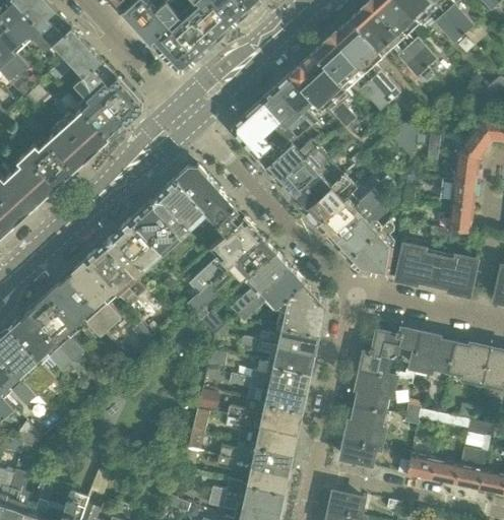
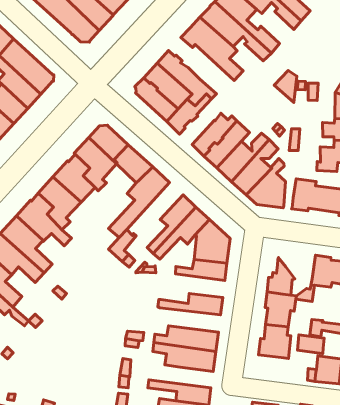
building: [273,74,321,123] -> none
building: [277,146,322,196] -> none
building: [208,237,275,292] -> none
building: [377,329,419,360] -> none
building: [241,337,314,372] -> none
building: [228,375,306,410] -> none
building: [341,440,373,463] -> [297,335,324,354]
building: [218,446,292,472] -> none

